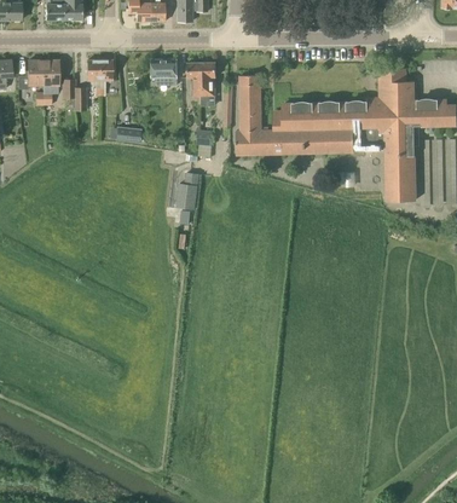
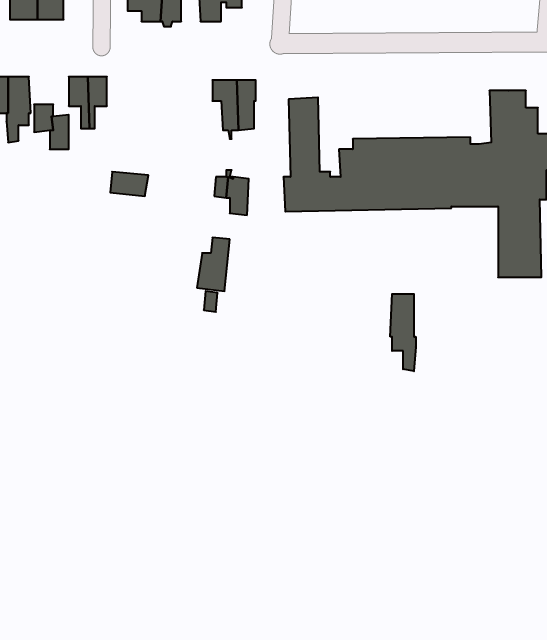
building: [151,58,177,83] -> none
building: none -> [390,294,416,371]

